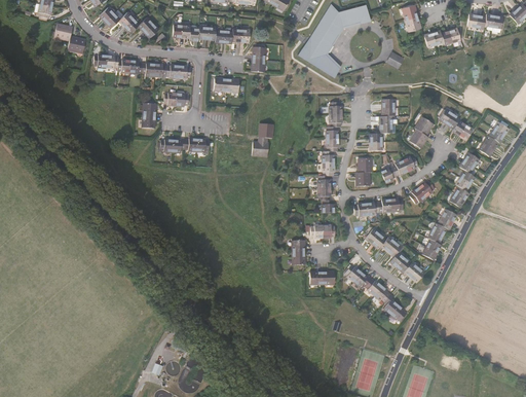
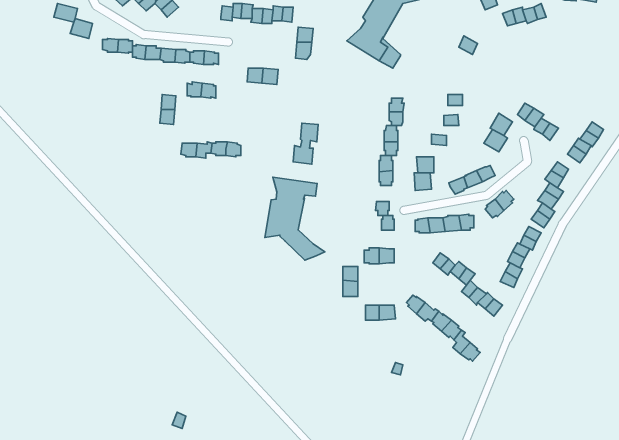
building: none -> [265,177,325,260]

